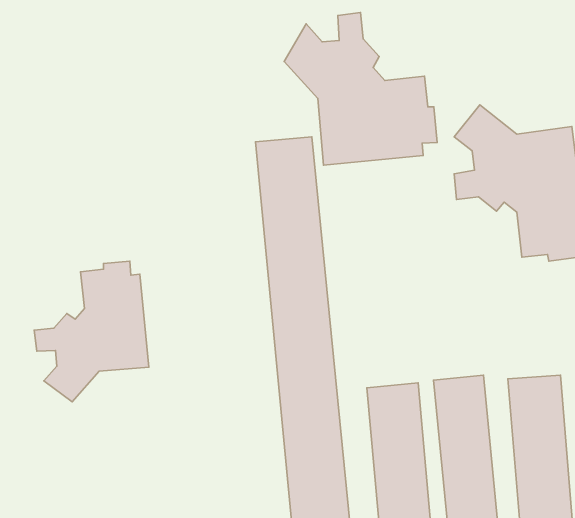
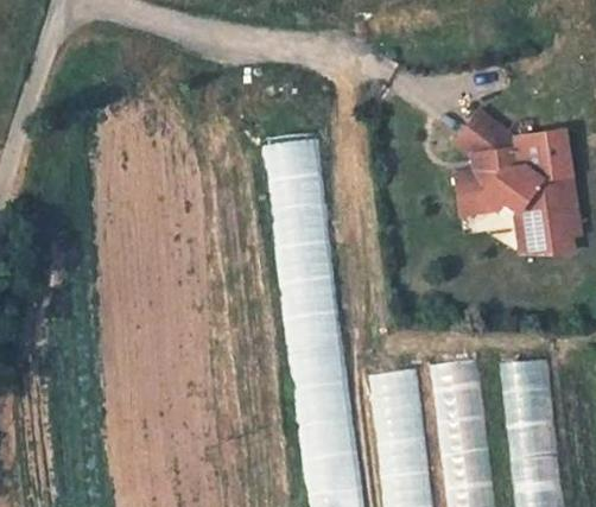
building: [284,12,437,165] -> none
building: [34,261,149,402] -> none

